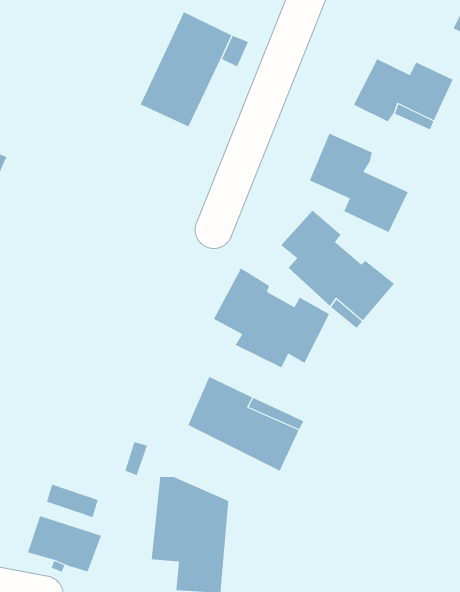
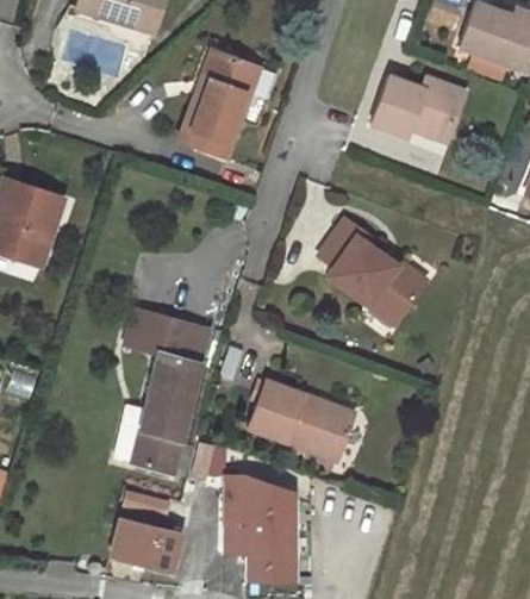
building: [309,133,408,233] -> none
building: [213,268,330,368] -> none
building: none -> [127,311,219,473]

